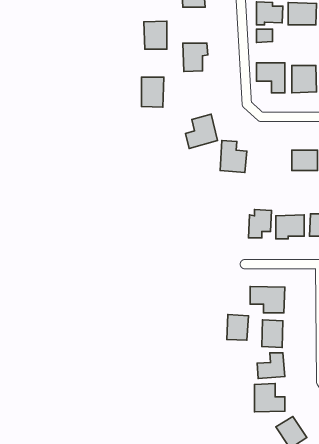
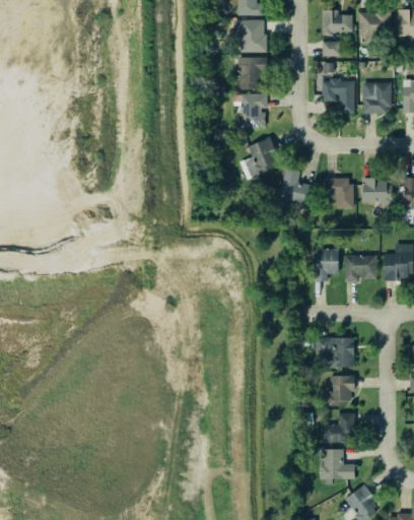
building: [144,21,167,49] -> [238,19,265,52]
building: [142,77,164,107] -> [240,93,266,128]
building: none -> [325,177,352,208]
building: [227,315,248,340] -> none

